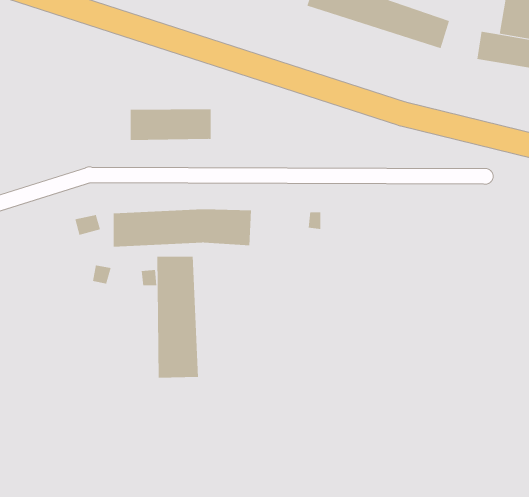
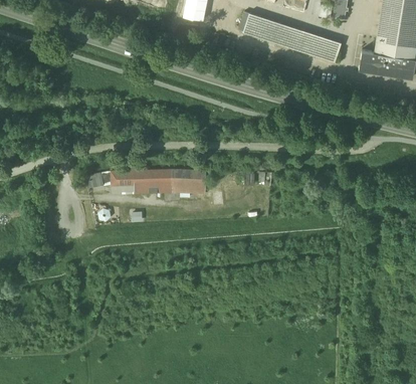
building: [130,108,211,141] -> none
building: [157,256,198,378] -> none

